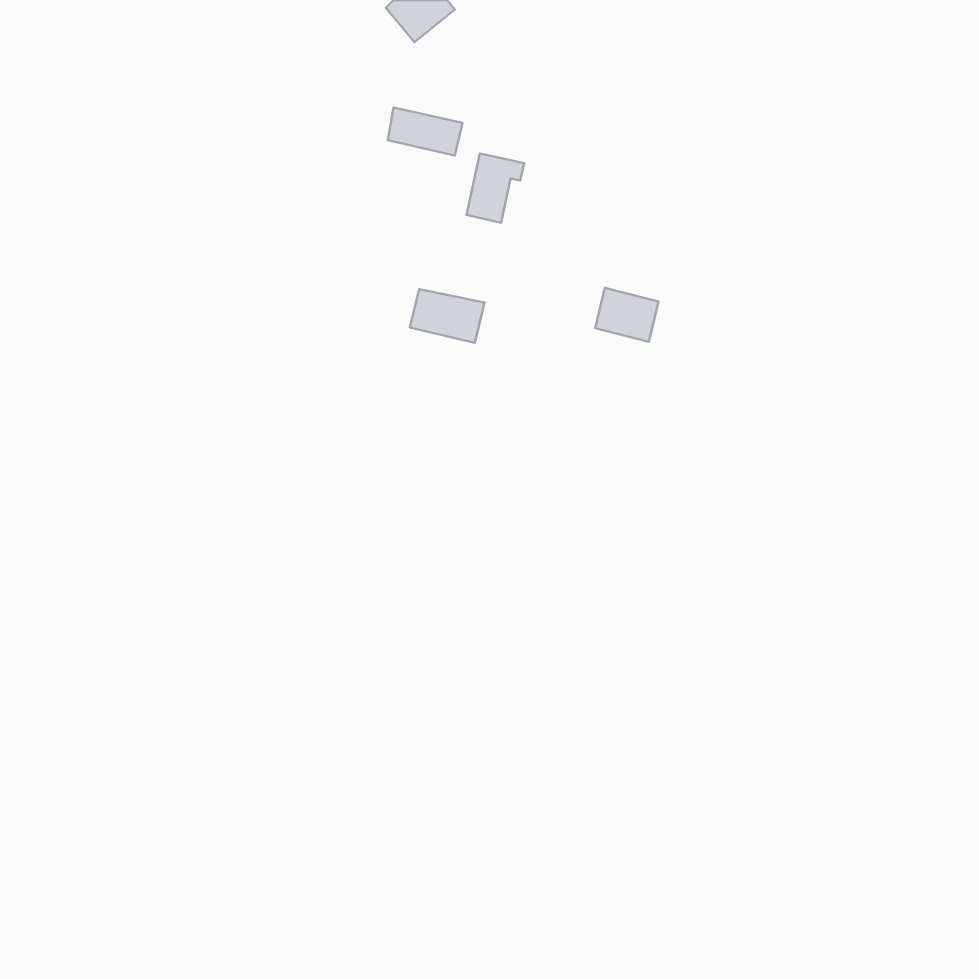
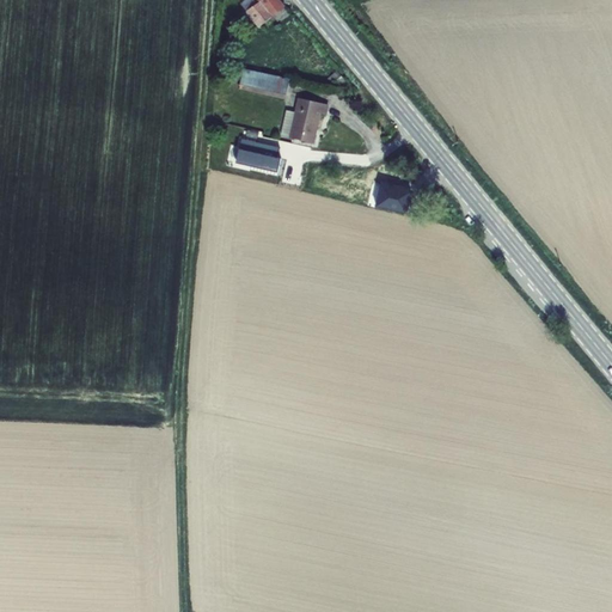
building: [410,289,485,343] -> [234,137,281,171]

